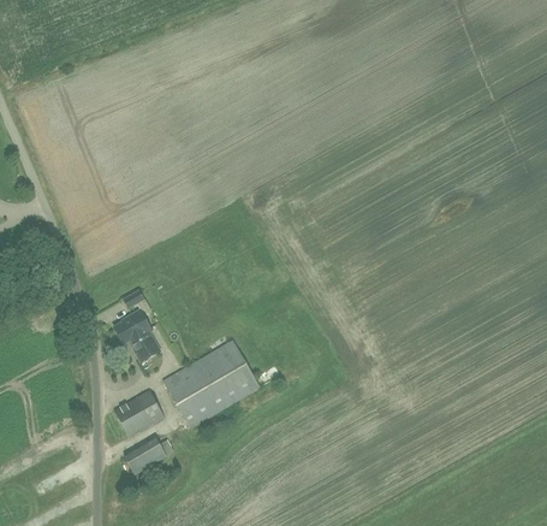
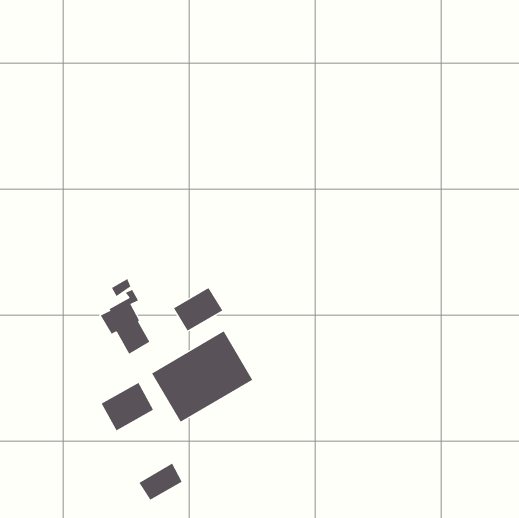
building: none -> [173,287,223,332]
building: [124,437,166,473] -> [139,463,183,501]

